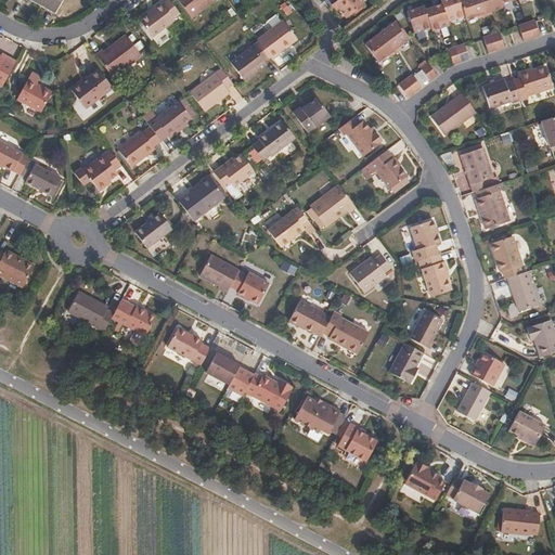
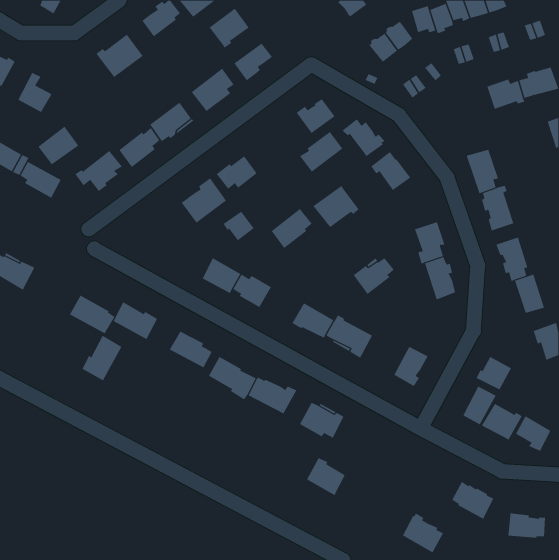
building: [257,20,297,60] -> [209,8,250,48]
building: [70,68,112,107] -> [37,126,79,165]
building: [430,93,476,135] -> none
building: [251,120,295,162] -> [299,131,343,173]
building: none -> [223,211,254,241]
building: [134,212,171,248] -> none
building: [410,309,443,347] -> none
building: none -> [82,335,122,381]
building: none -> [481,403,523,441]
building: [338,424,377,462] -> [306,458,346,496]
building: [404,461,446,501] -> [402,512,444,553]

